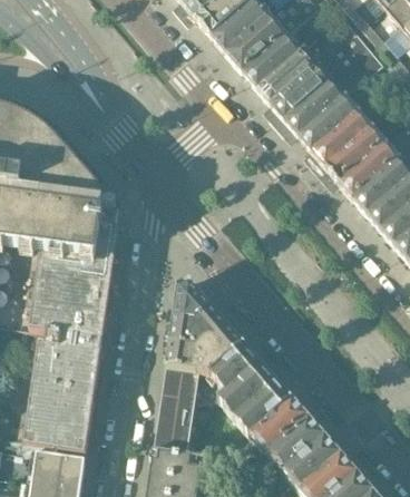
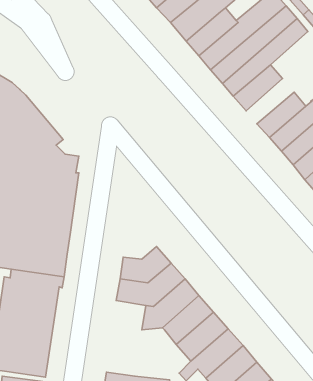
building: [313,115,368,166] -> none
building: [174,282,212,320] -> none
building: [155,367,199,452] -> none

